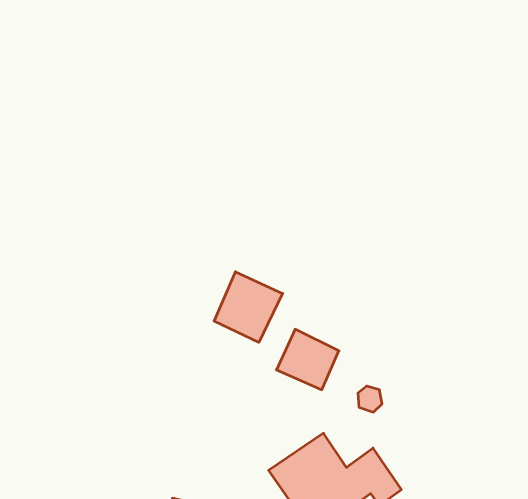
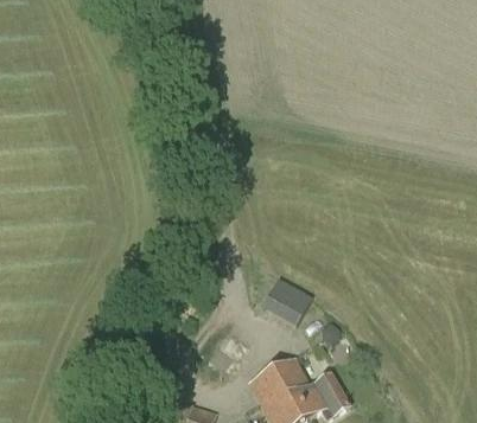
building: [214,272,283,342] -> none

